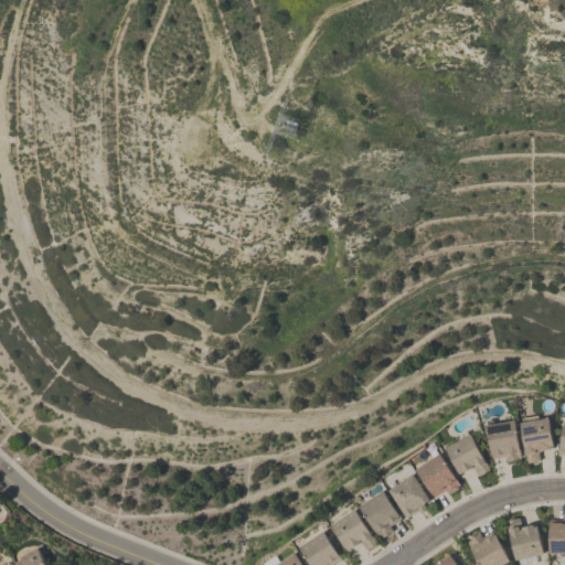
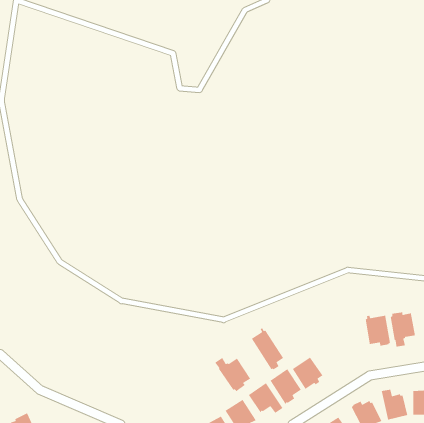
building: [445,435,490,477] -> none
building: none -> [251,327,284,370]
building: [415,455,460,499] -> none
building: none -> [214,357,251,392]

